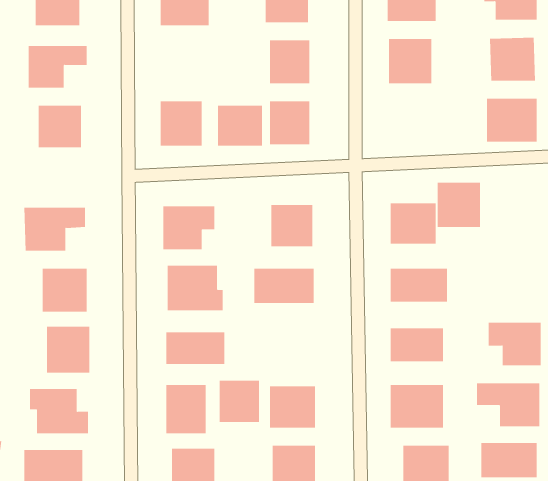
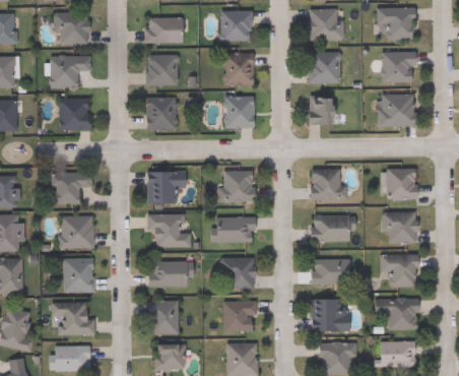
building: none -> [307,99,332,124]
building: [217,105,263,146] -> [146,55,179,84]
building: [437,182,481,227] -> [387,169,418,201]
building: none -> [385,210,416,243]
building: [219,380,260,423] -> [225,257,255,288]

